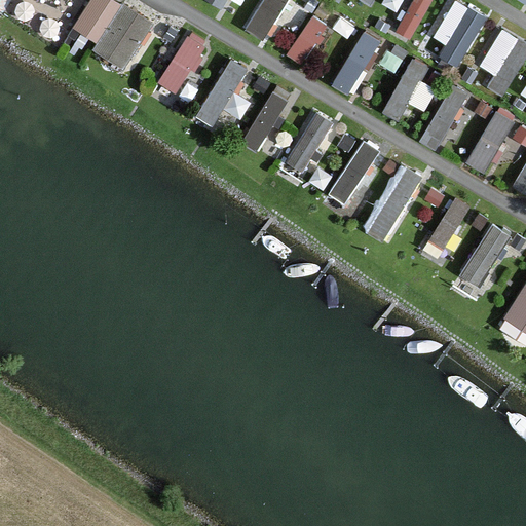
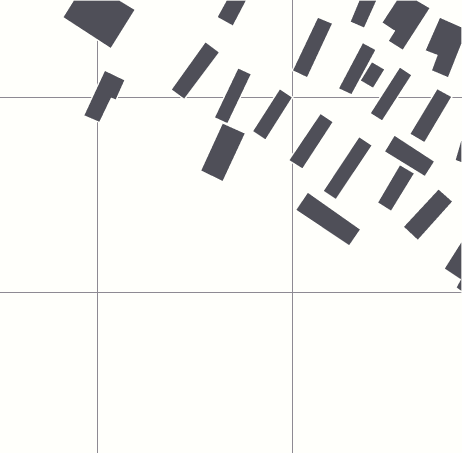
building: [286,15,331,66] -> none
building: [159,33,206,92] -> [84,70,125,123]
building: none -> [201,123,246,182]
building: none -> [384,135,435,177]
building: none -> [295,192,361,246]

